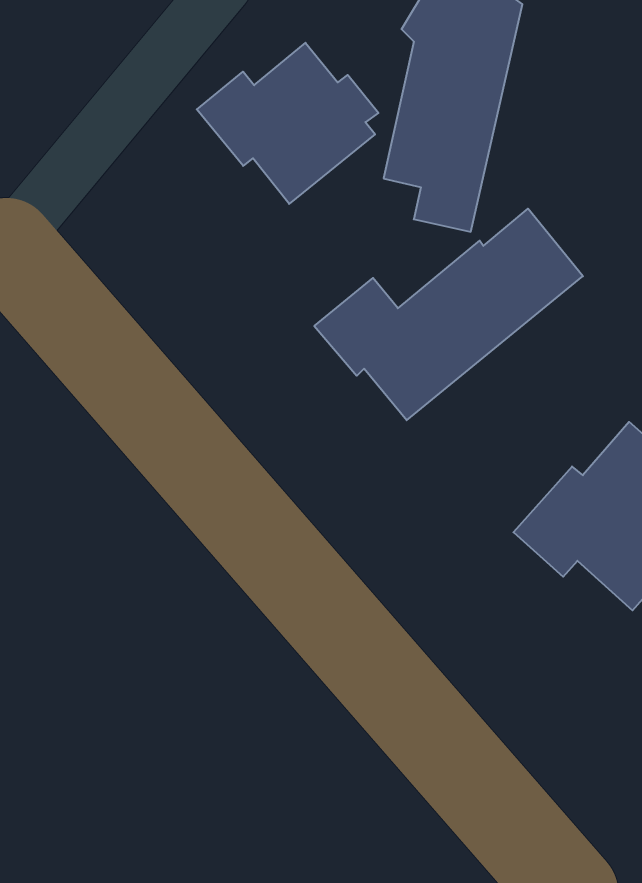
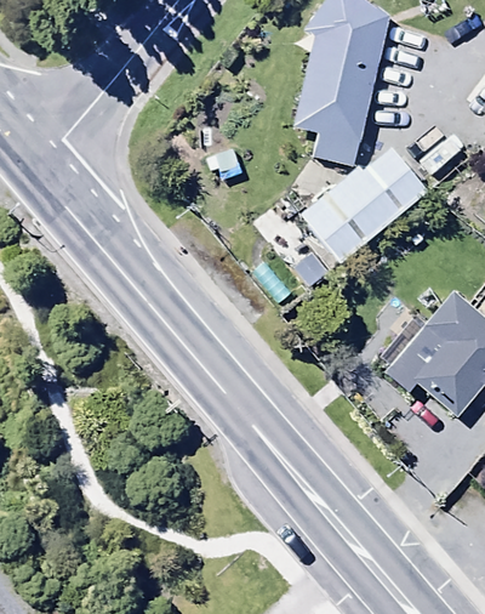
building: [197,43,378,204] -> none

